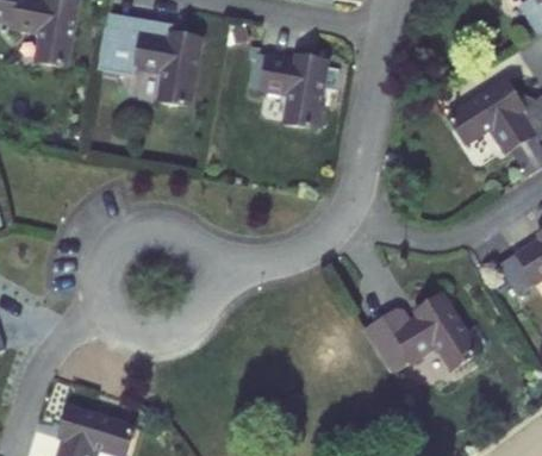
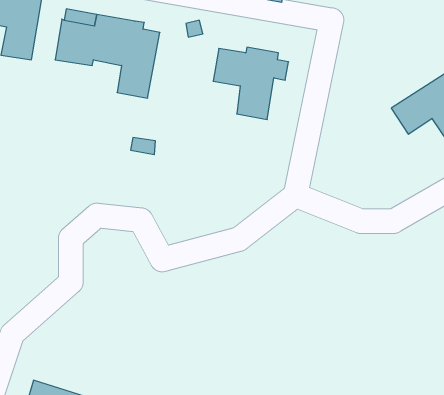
building: [361,294,478,371] -> none

